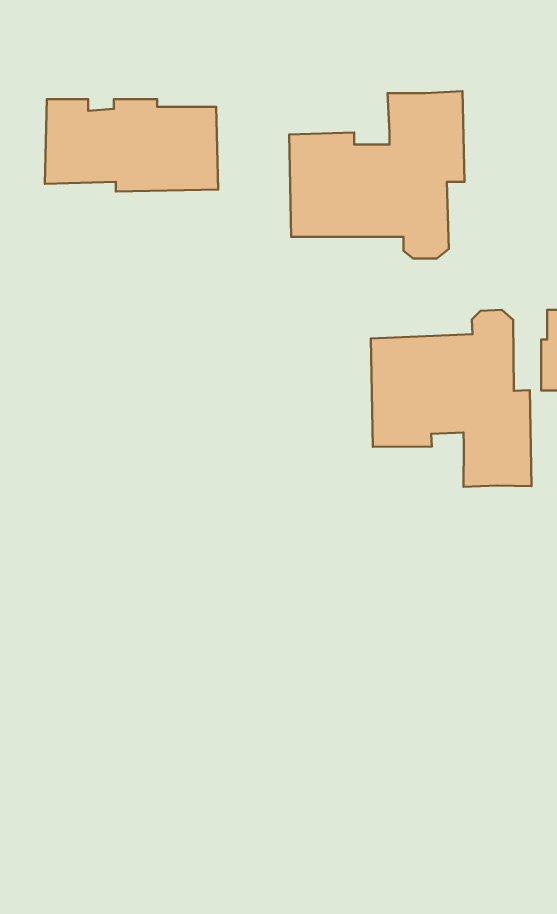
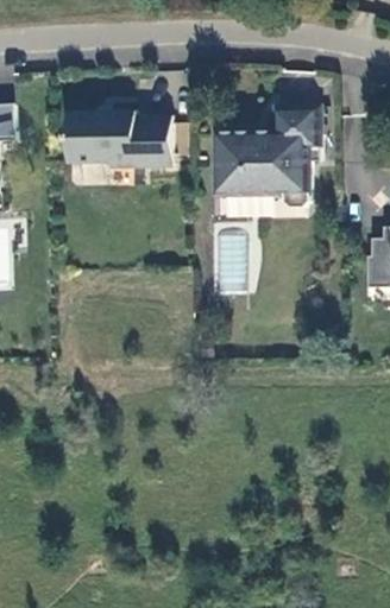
building: [371,310,532,487] -> none

